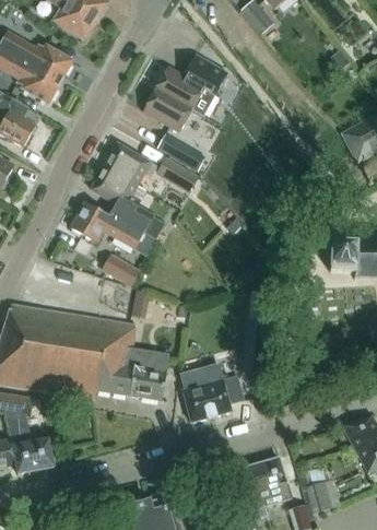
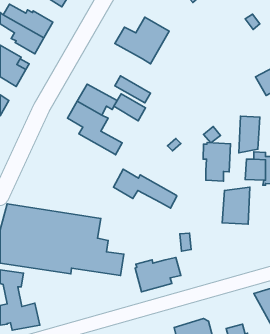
building: [143,89,192,131] -> none
building: none -> [239,116,260,153]
building: [71,202,156,255] -> [113,169,177,208]
building: none -> [203,143,230,181]
building: [99,252,138,286] -> none
building: none -> [222,187,250,224]

